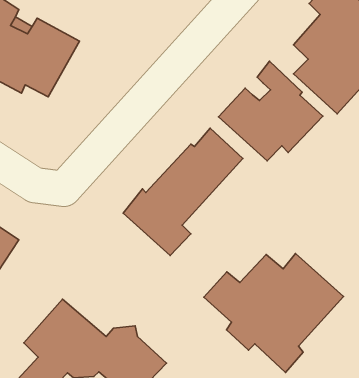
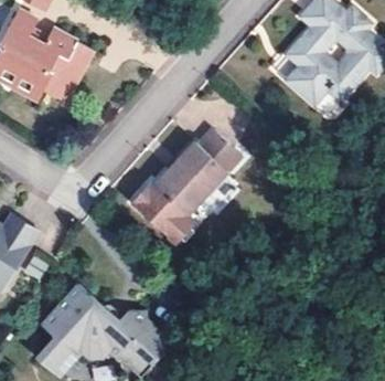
building: [218,61,323,161] -> none
building: [204,254,344,372] -> none

